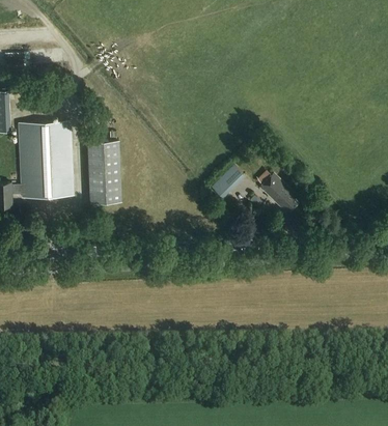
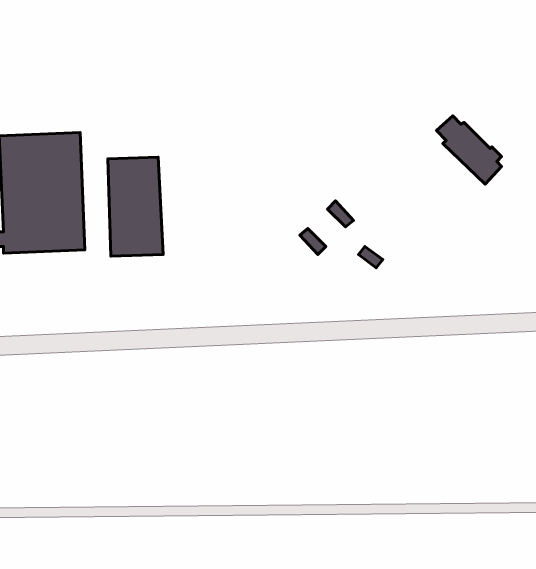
building: [256,171,298,215] -> [436,116,502,184]

